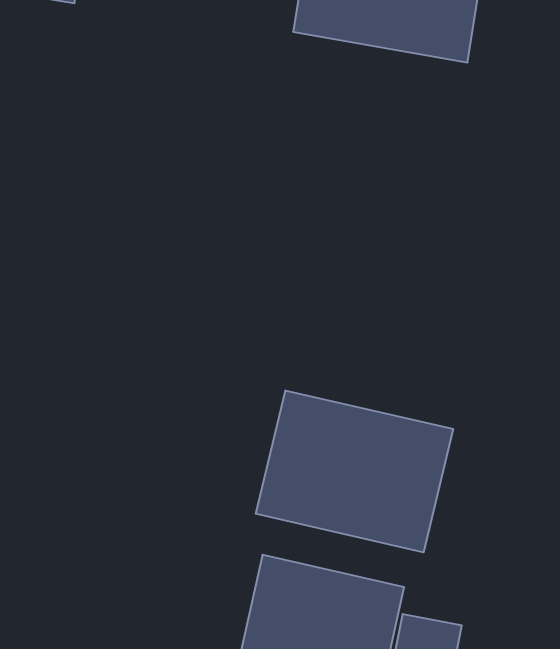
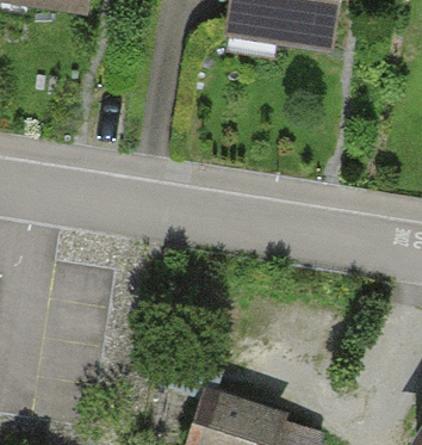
building: [256,390,453,552] -> none

